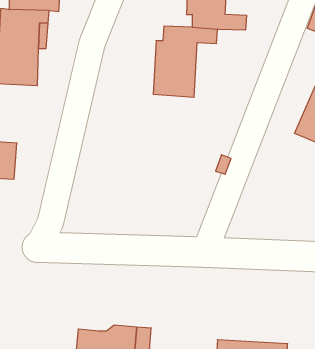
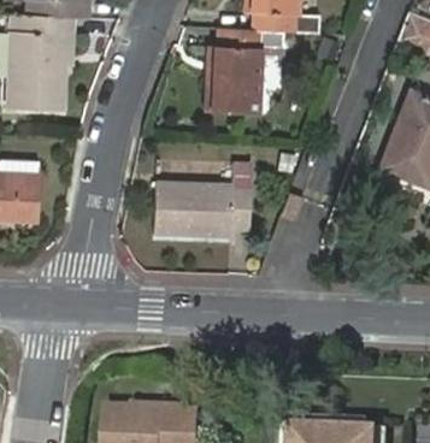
building: none -> [154,166,252,241]

